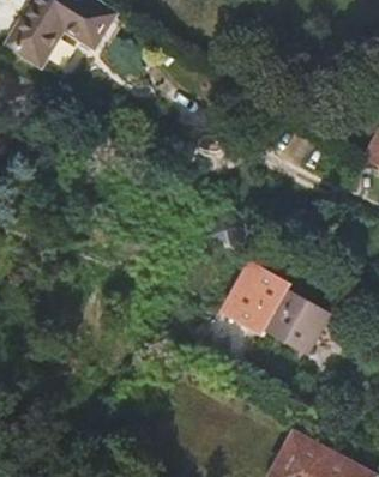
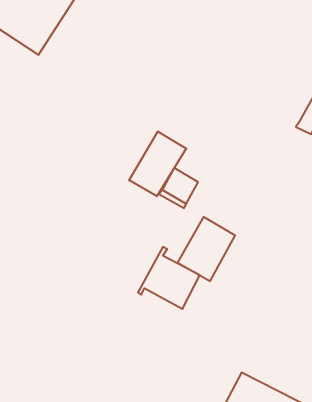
building: none -> [129,131,186,196]
building: [258,282,326,350] -> [138,247,200,309]

